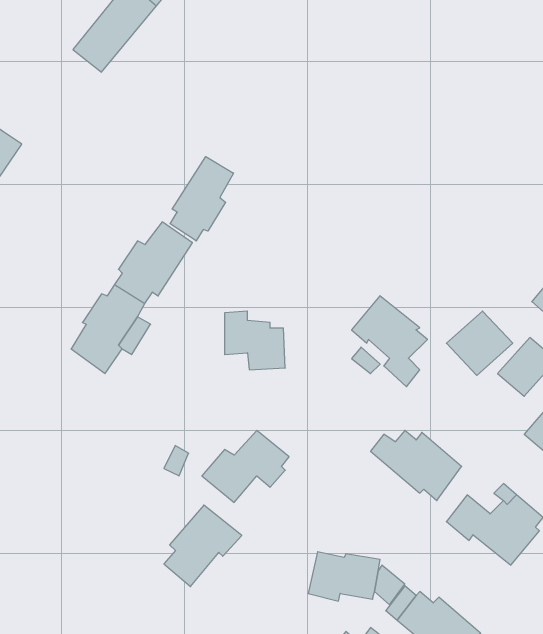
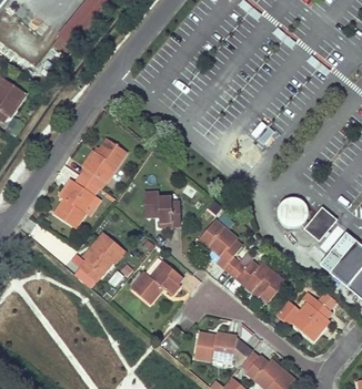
building: [170,157,234,241] -> none
building: [352,296,427,387] -> [198,218,242,272]
building: [164,505,242,587] -> [80,232,125,279]

